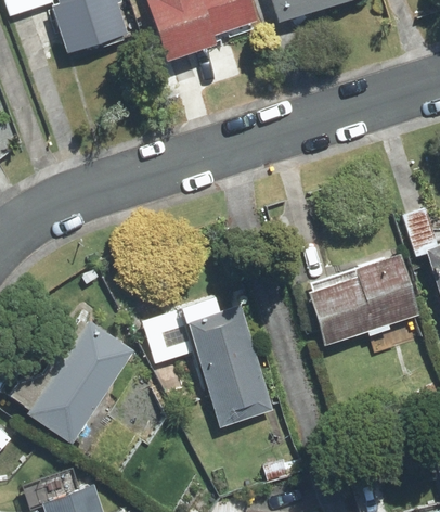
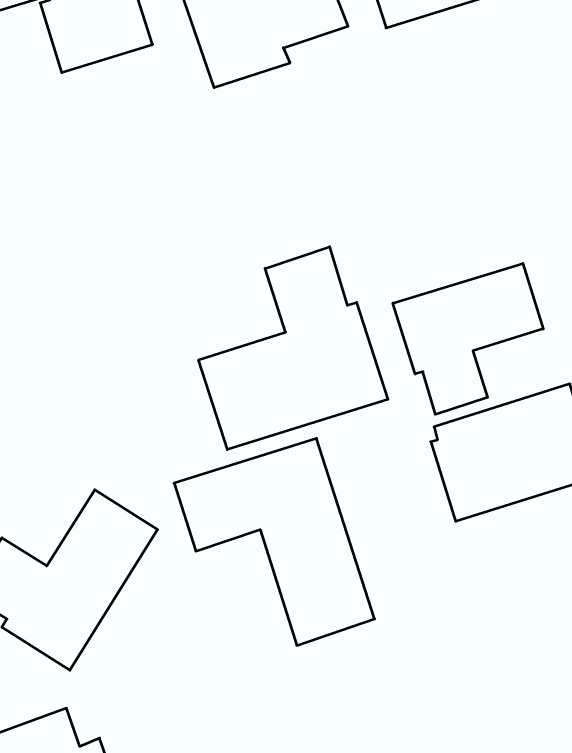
building: none -> [199,247,388,450]
building: none -> [393,263,543,414]

